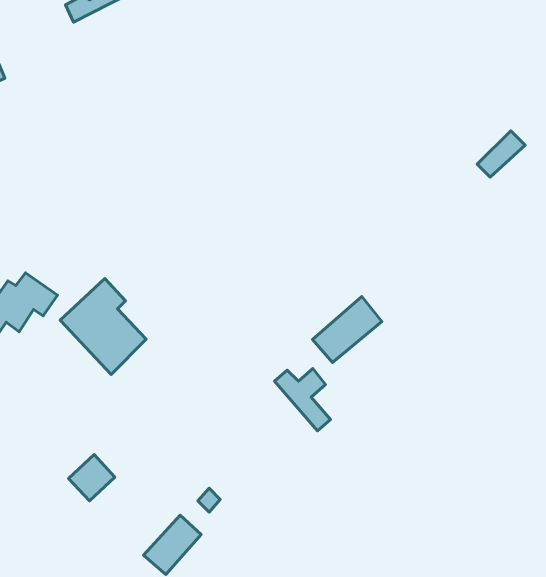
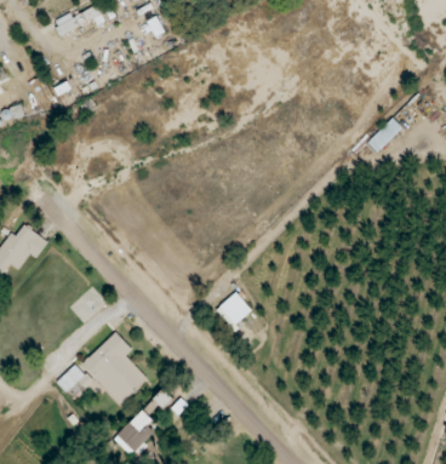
building: [60,279,146,374] -> [81,332,147,405]
building: [313,297,382,363] -> none

